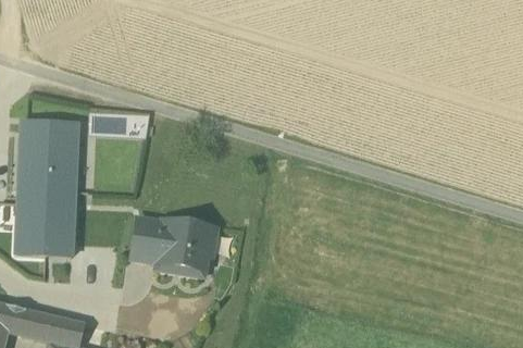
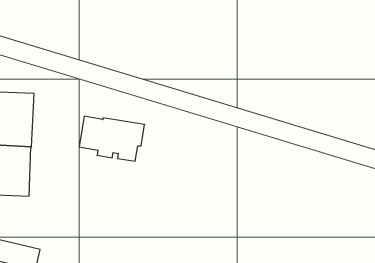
building: [130,220,214,277] -> [79,116,145,161]

